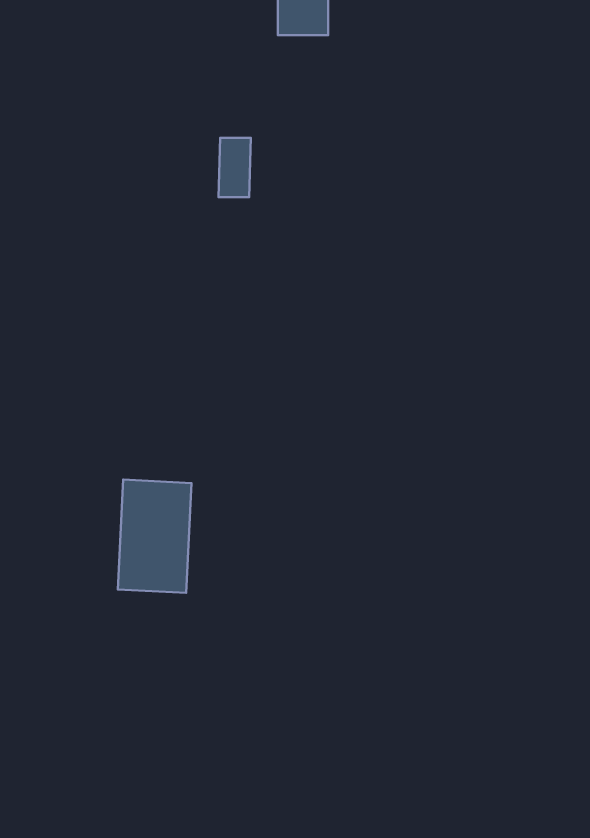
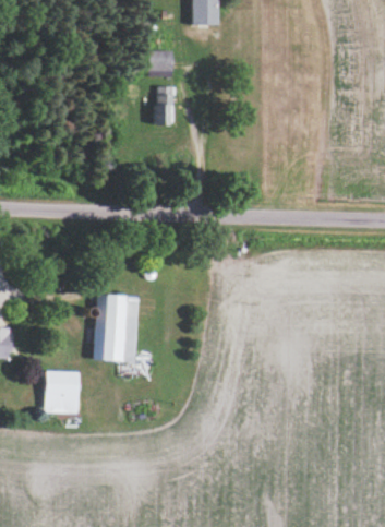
building: none -> [147,49,172,70]
building: none -> [45,371,80,412]

